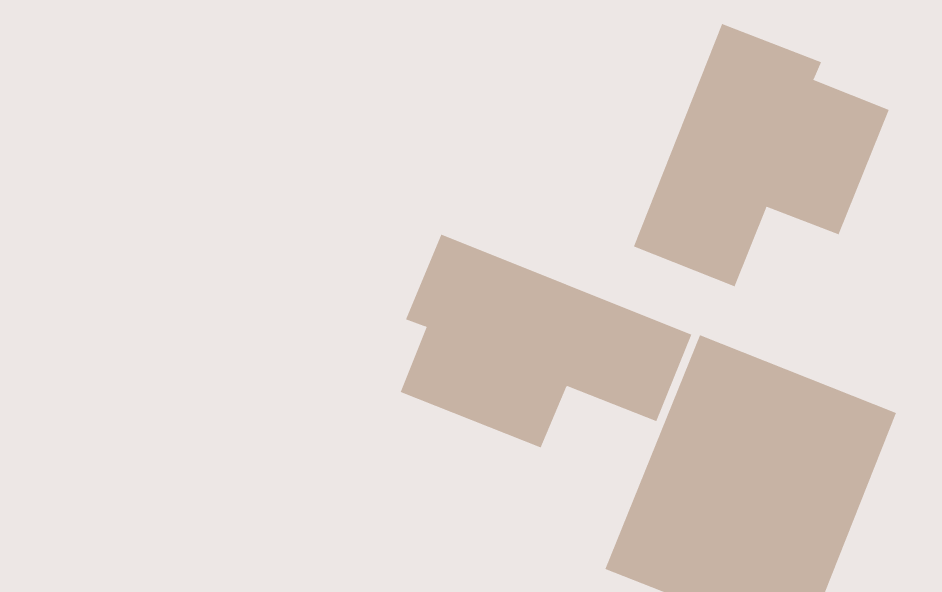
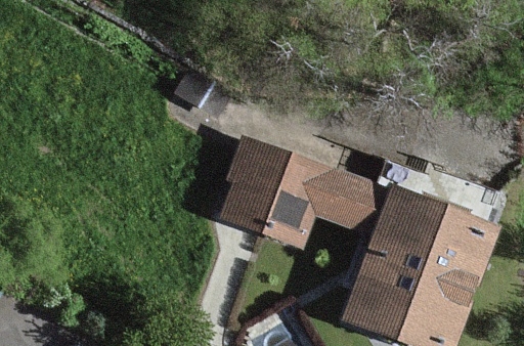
building: [633,23,890,287] -> none

